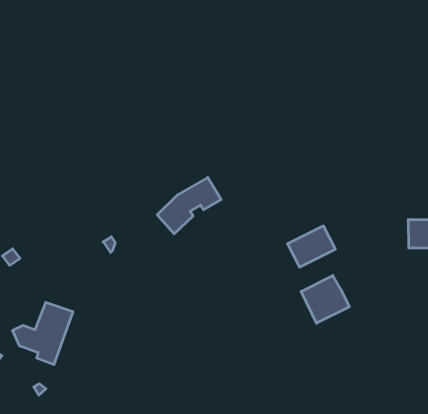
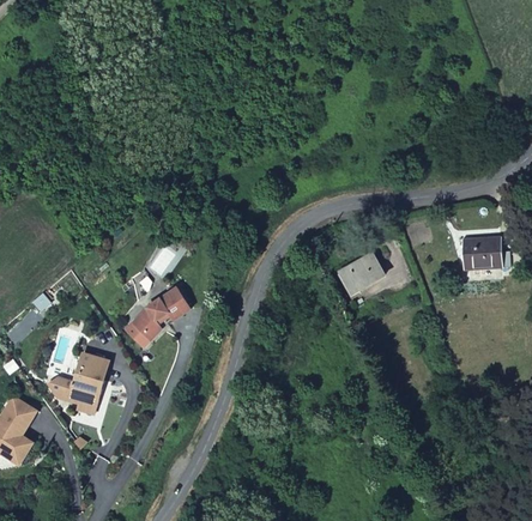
building: [157,177,221,234] -> [123,286,191,349]
building: [301,275,349,323] -> none

